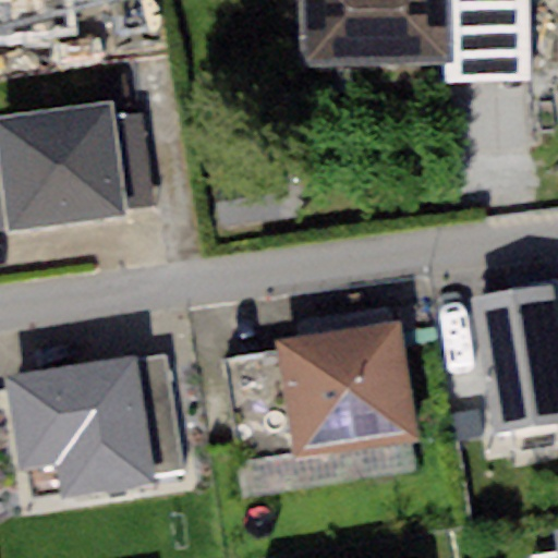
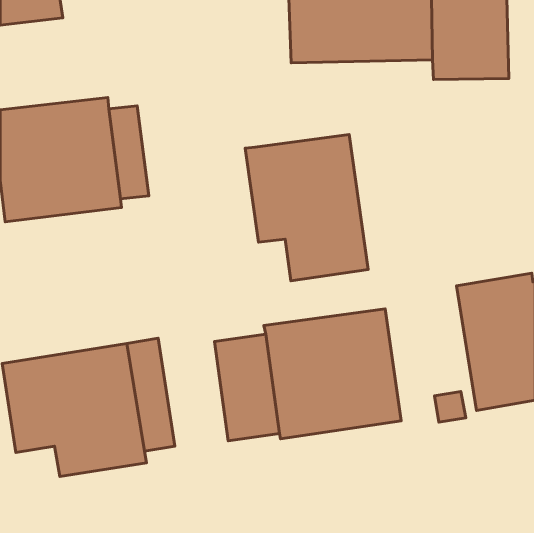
building: none -> [245,135,368,281]

